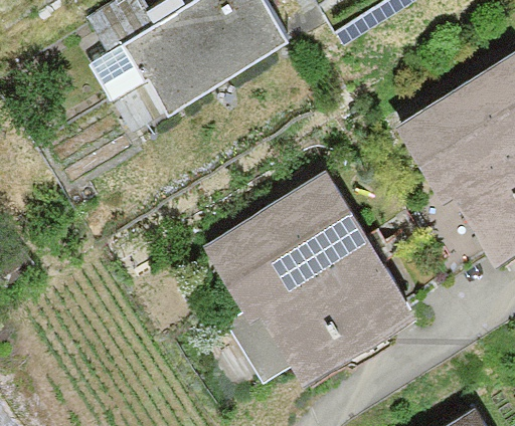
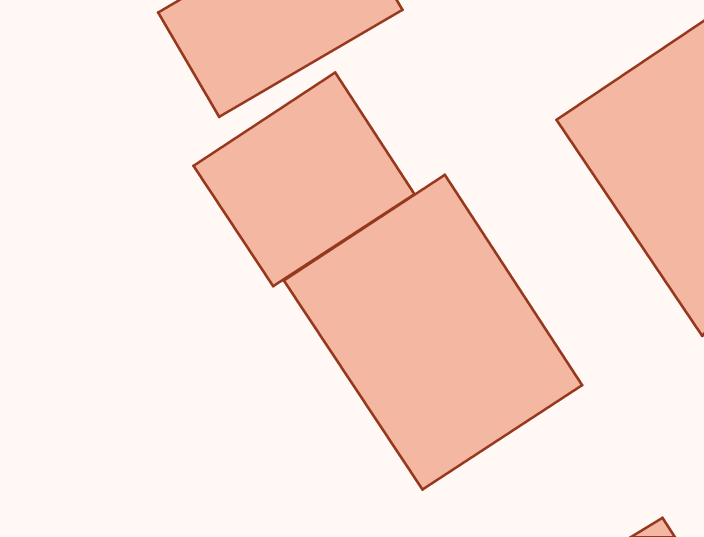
building: none -> [193,73,414,286]

